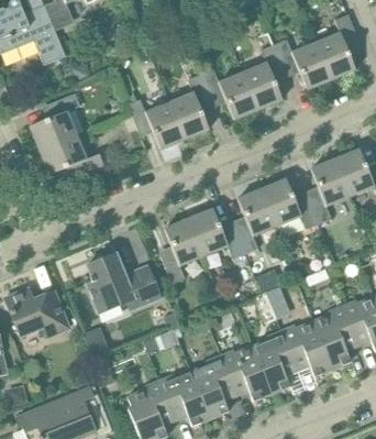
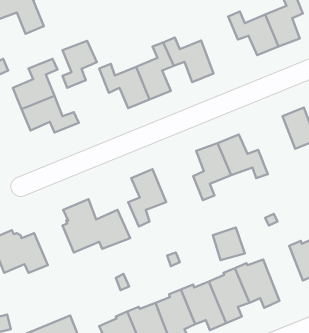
building: [243,44,285,109] -> none
building: none -> [62,41,97,88]
building: [308,157,350,223] -> none
building: [188,208,245,259] -> none
building: [313,305,358,367] -> none

